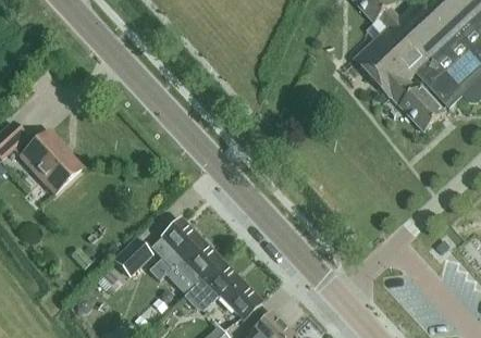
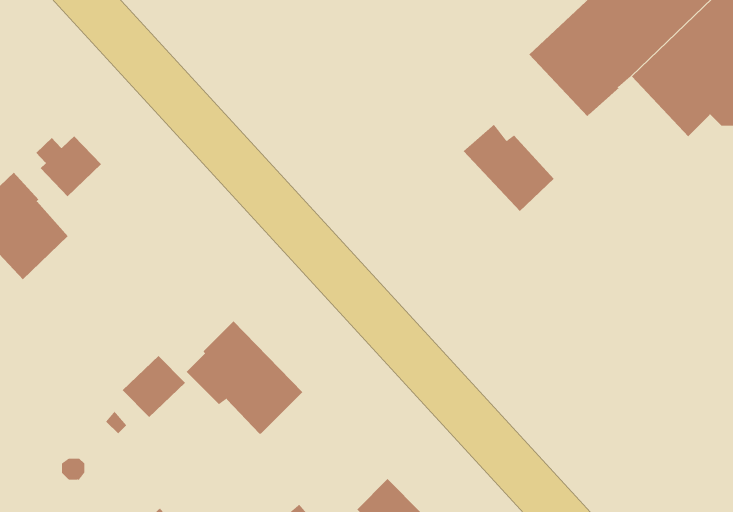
building: [392,79,446,132] -> [463,124,555,212]
building: none -> [35,135,102,197]
building: [185,260,263,320] -> none

